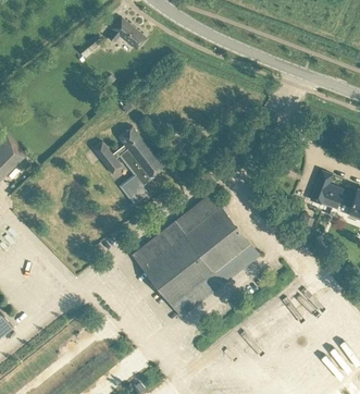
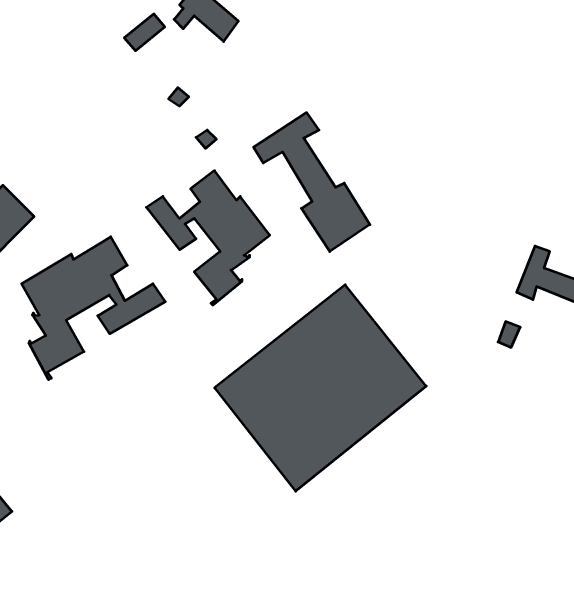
building: none -> [254,113,370,252]
building: none -> [22,237,165,380]

